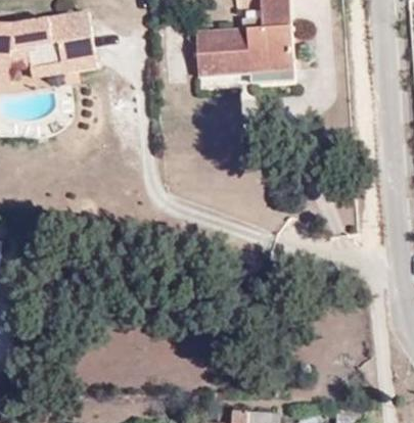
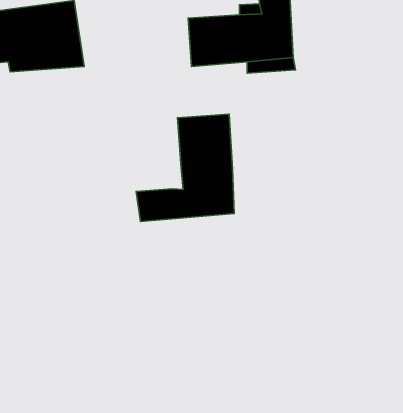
building: none -> [136,114,234,222]

